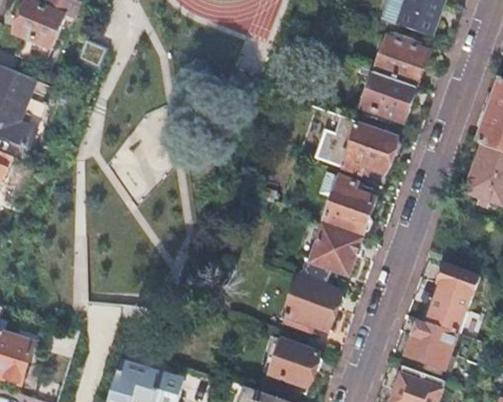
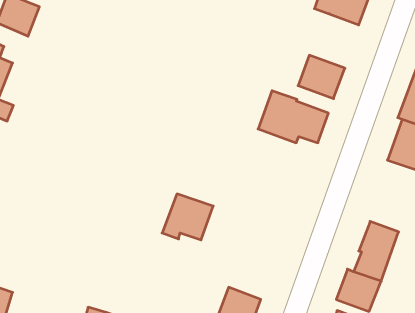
building: [375,36,429,87] -> none
building: [325,177,376,233] -> none
building: [311,227,360,277] -> none
building: [282,277,341,330] -> [162,194,213,240]

